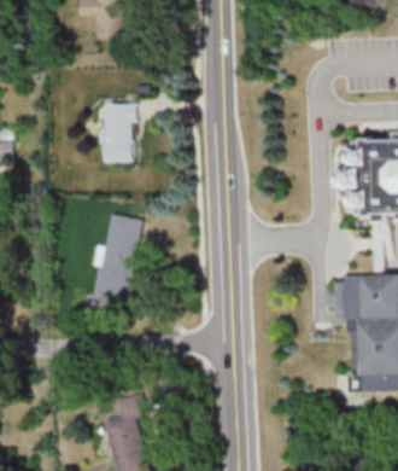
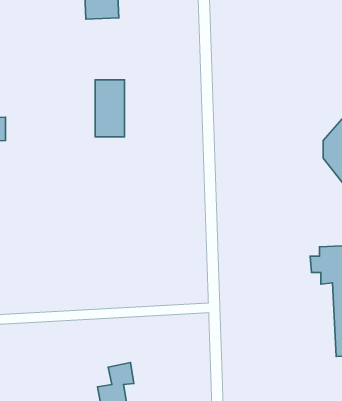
building: [94,215,139,301] -> none

